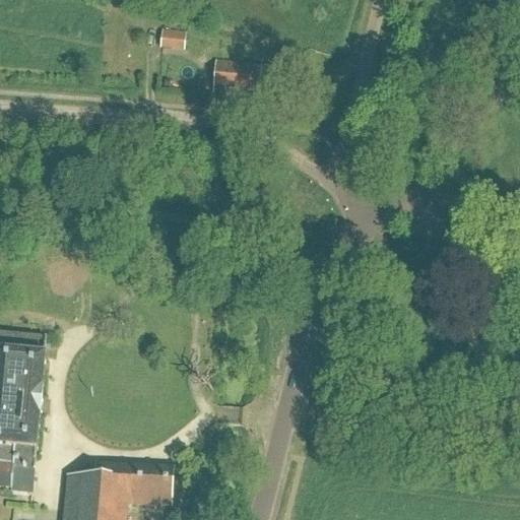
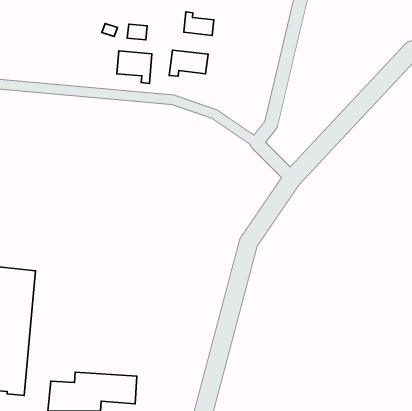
building: none -> [184,12,214,35]
building: none -> [117,51,152,84]

